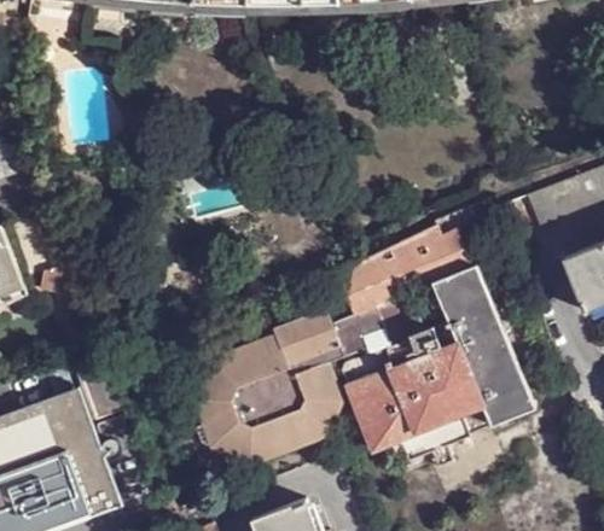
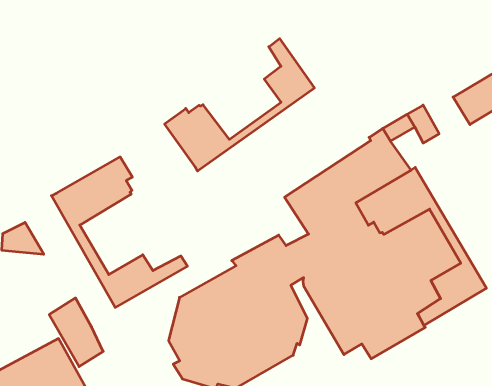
building: none -> [165,39,314,171]
building: none -> [51,157,187,307]

